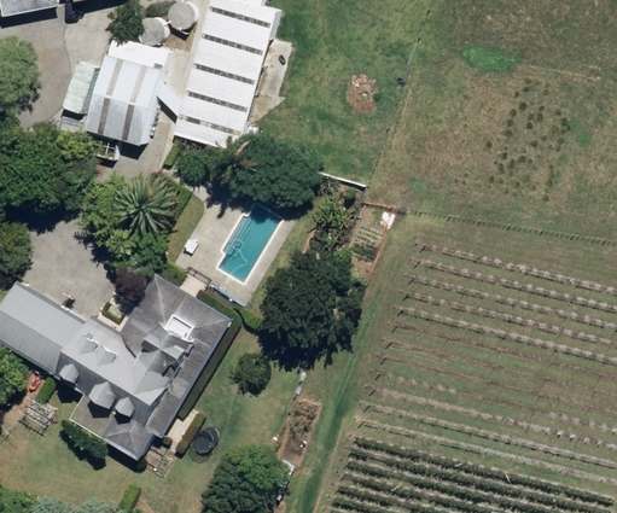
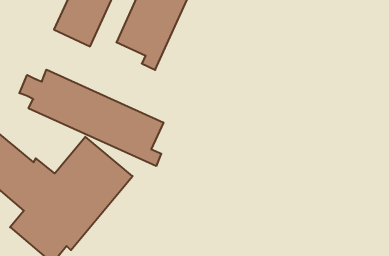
building: none -> [19,70,163,166]

